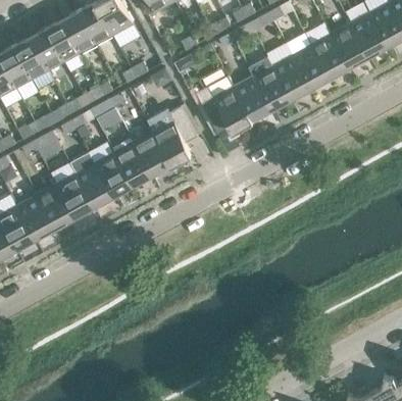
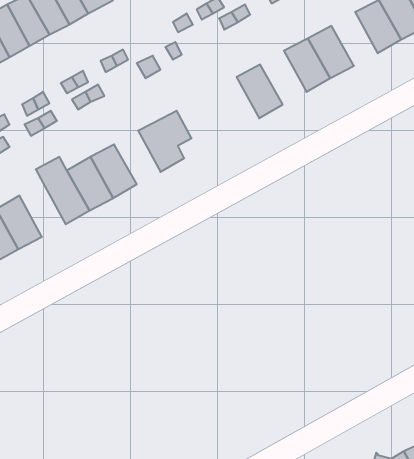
building: [311,34,349,78] -> none
building: [248,56,291,109] -> none
building: [202,78,252,134] -> none
building: [134,131,171,174] -> none
building: [56,173,94,217] -> none

